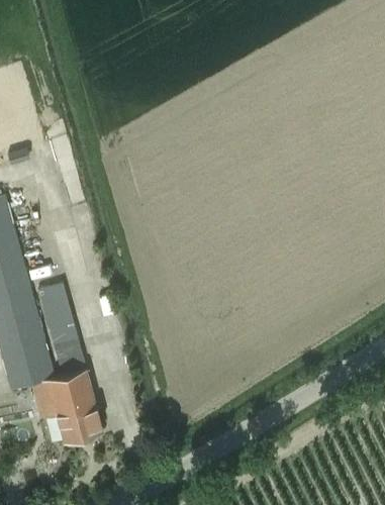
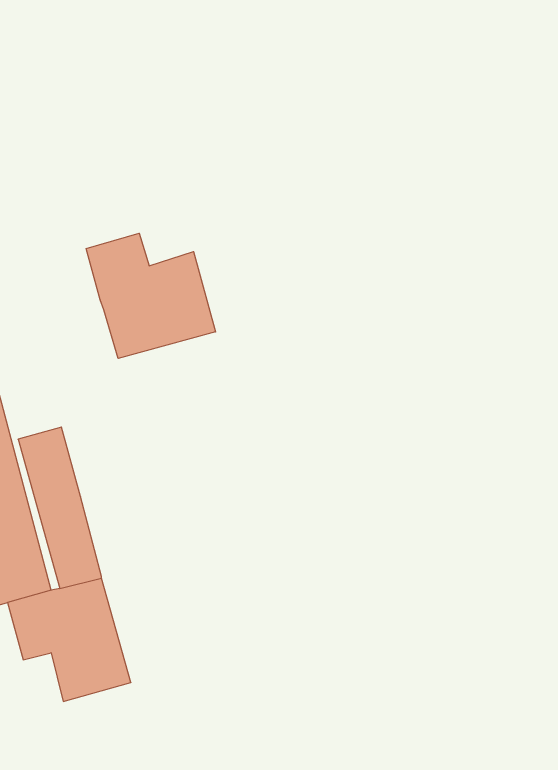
building: none -> [86,233,216,358]

